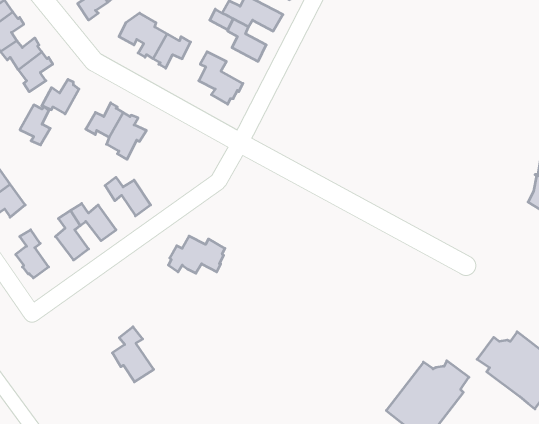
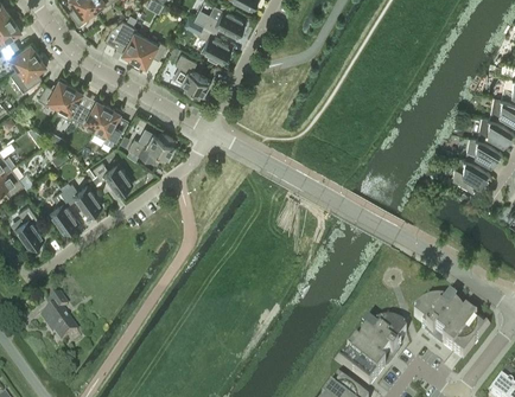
building: [20,105,50,145] -> [58,87,84,121]
building: [168,236,225,273] -> [127,130,176,162]
building: [112,327,154,382] -> [42,296,77,344]

